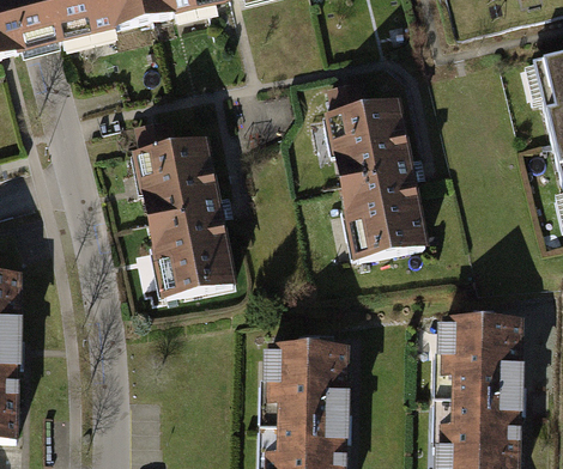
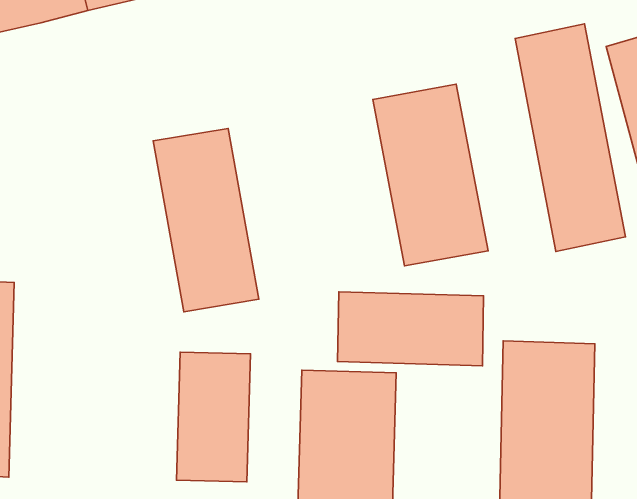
building: none -> [515,24,625,251]
building: none -> [337,292,484,366]
building: none -> [176,352,251,482]

